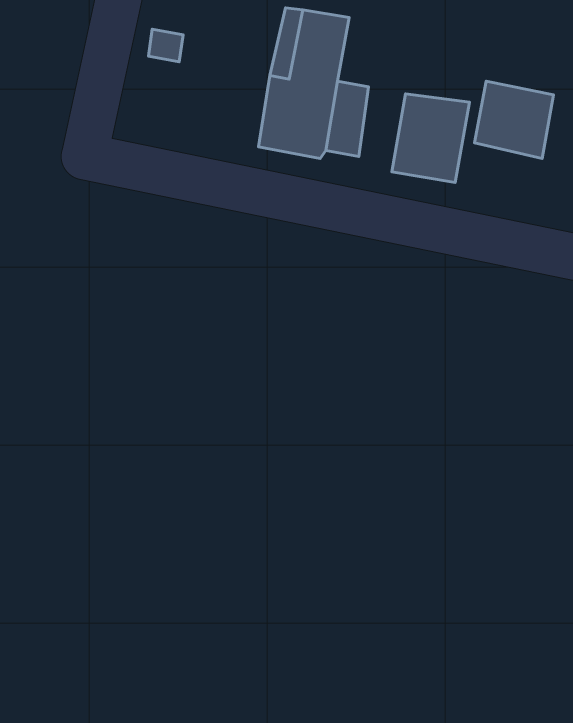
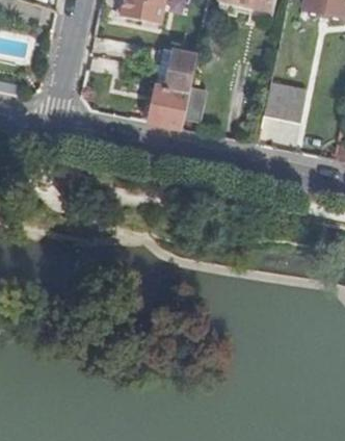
building: [392,94,470,182] -> none

